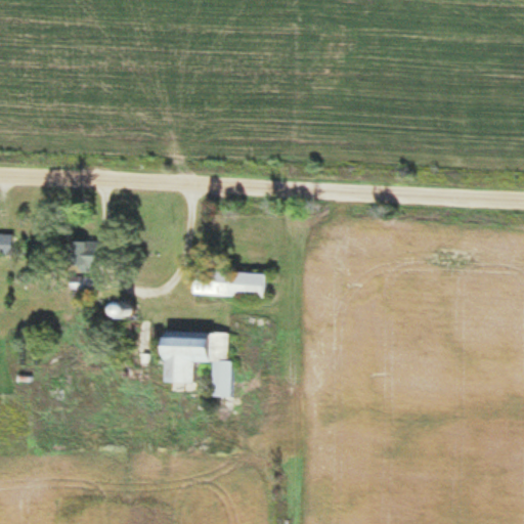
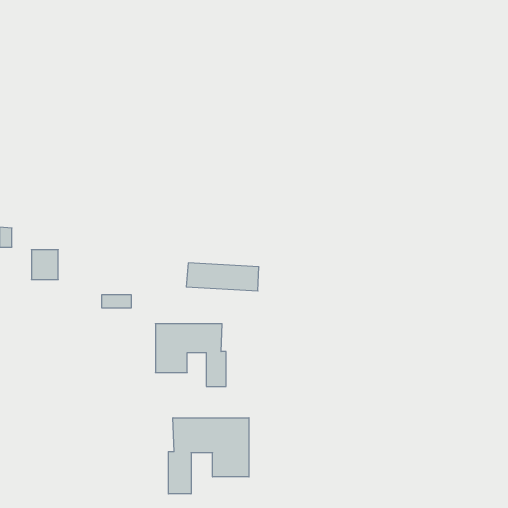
building: [68,242,95,272] -> [31,250,58,280]
building: none -> [168,418,249,494]

